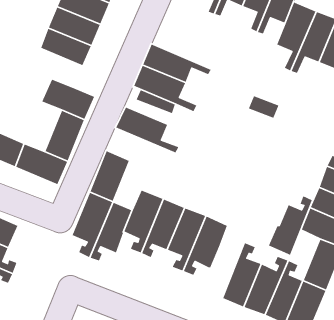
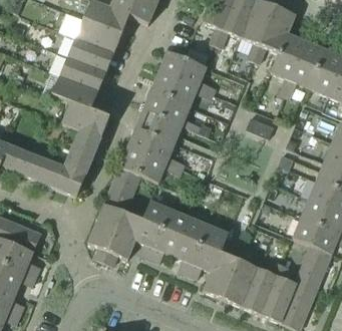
building: none -> [159,50,216,93]
building: none -> [51,74,98,109]
building: none -> [119,145,182,182]
building: [268,195,313,256] -> [203,244,243,298]

